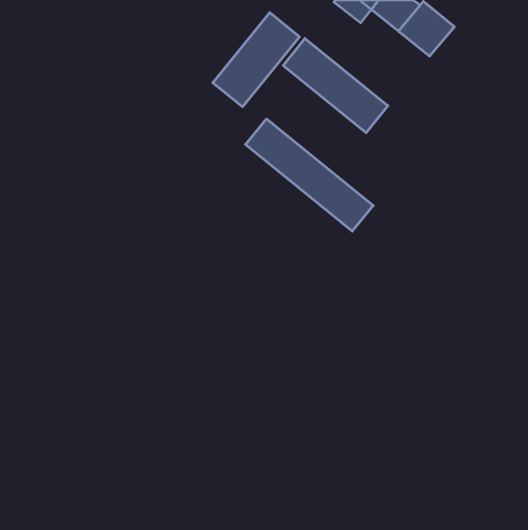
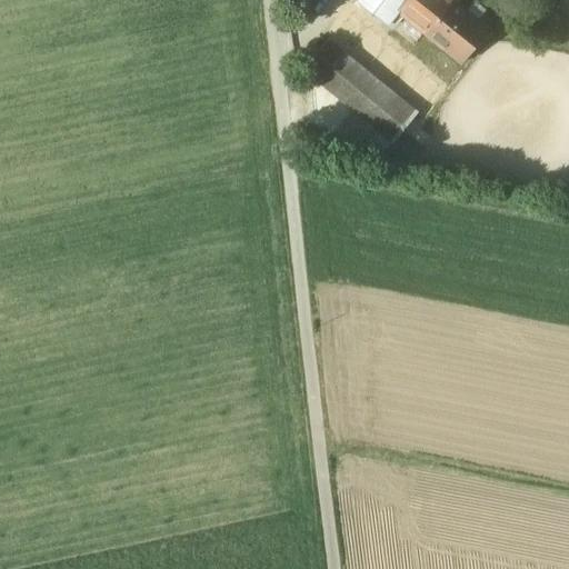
building: [213,13,299,107] -> none
building: [245,119,373,231] -> none

